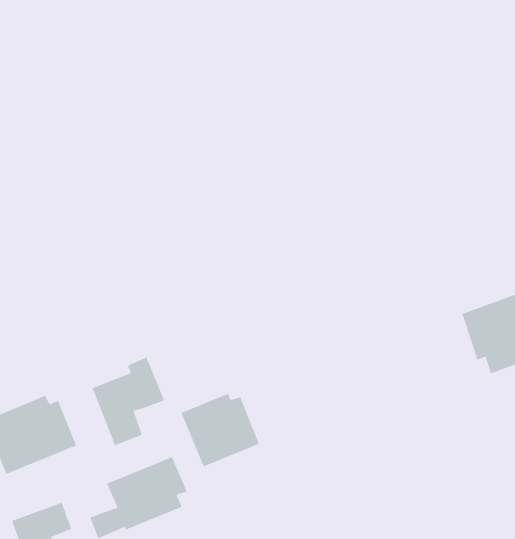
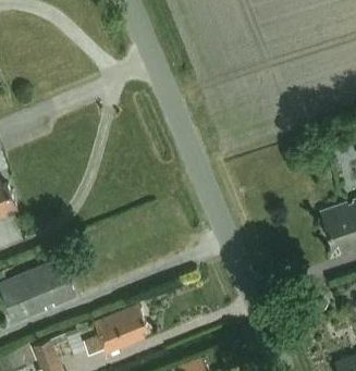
building: [92,357,165,446] -> none
building: [181,393,260,467] -> none

